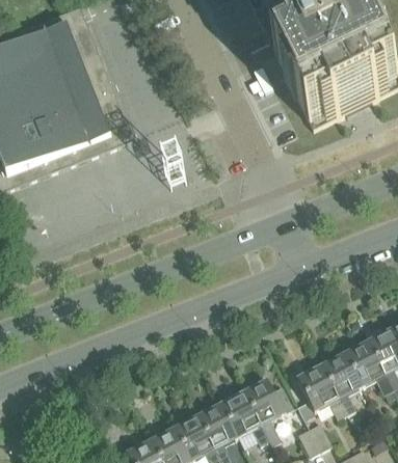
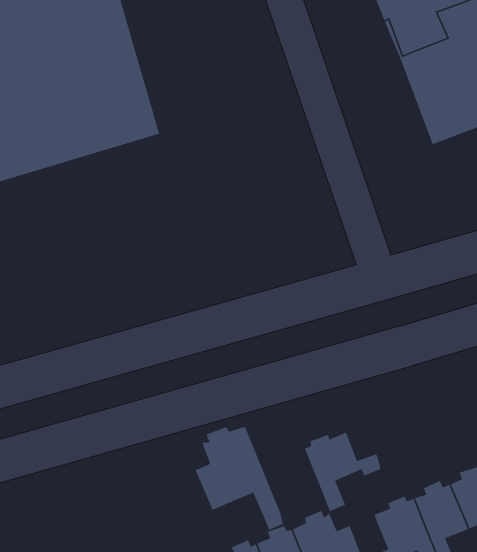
building: none -> [304,431,381,512]
building: none -> [195,426,284,531]

